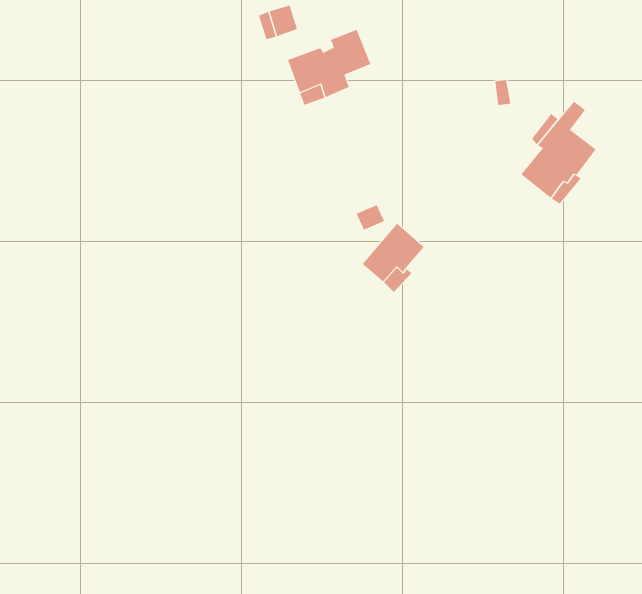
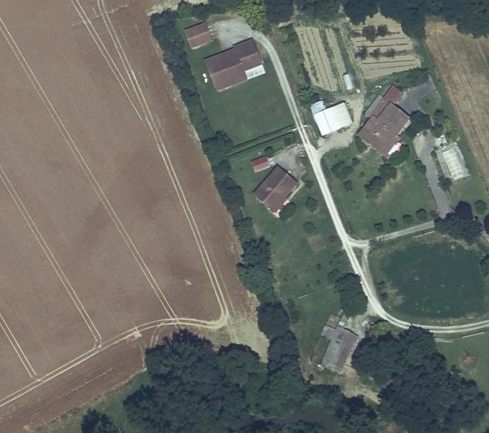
building: none -> [311,101,352,134]
building: none -> [321,330,355,372]

